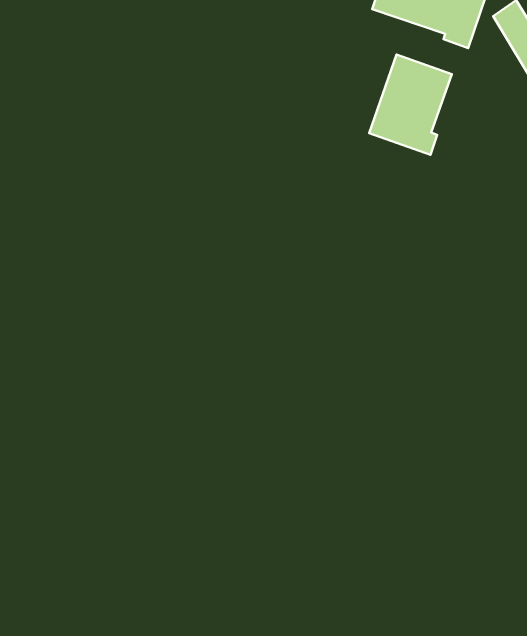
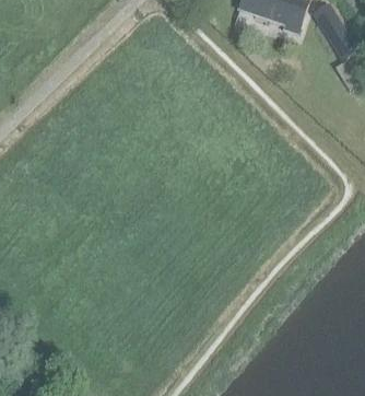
building: [369,54,452,155] -> none

